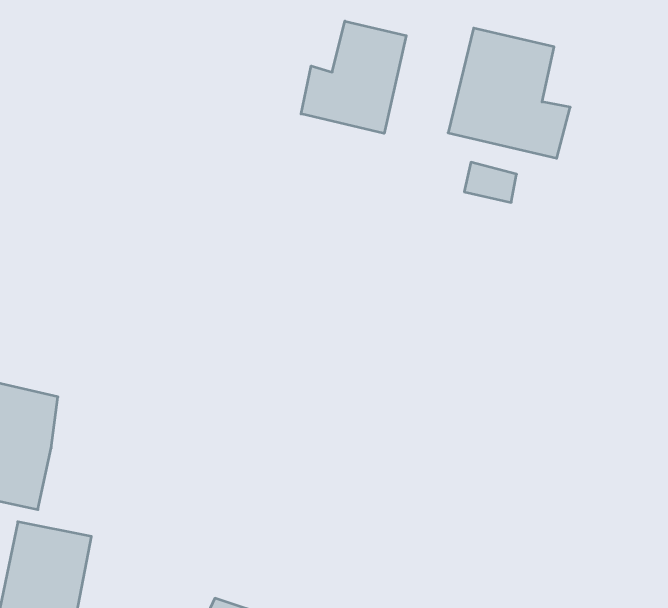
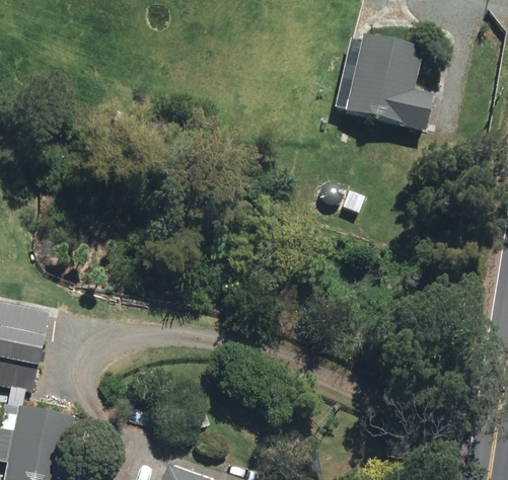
building: [301,21,406,133] -> none

